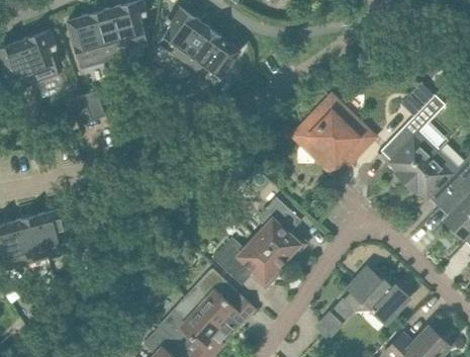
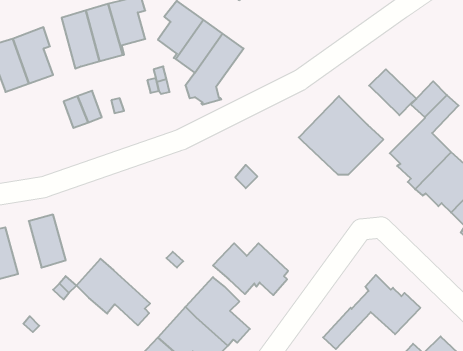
building: none -> [369,69,416,115]
building: [255,196,304,262] -> none
building: [13,214,48,265] -> none
building: none -> [76,259,150,325]

